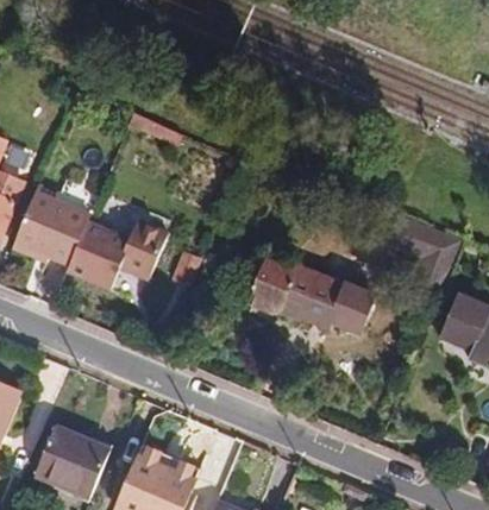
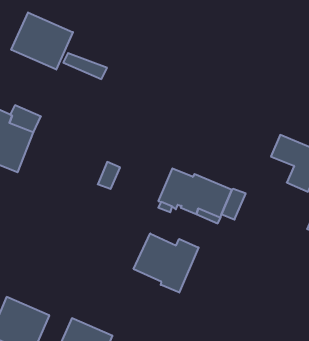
building: none -> [11,12,73,70]
building: [68,221,167,289] -> none
building: none -> [134,233,199,293]

